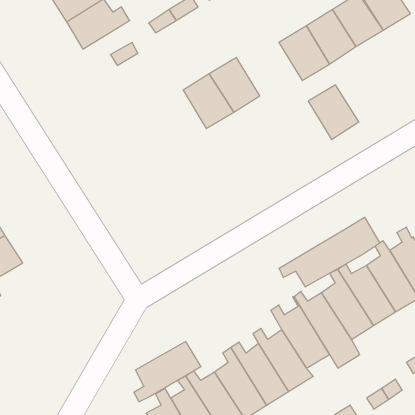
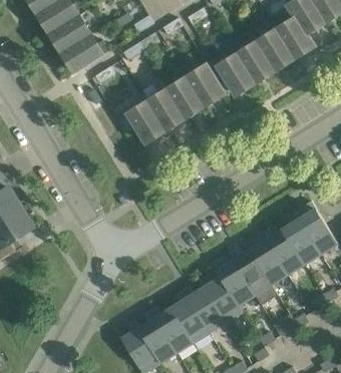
building: [308,85,359,140] -> [188,65,225,105]
building: none -> [128,101,165,142]
building: [279,217,380,287] -> none
building: [134,341,201,402] -> none

